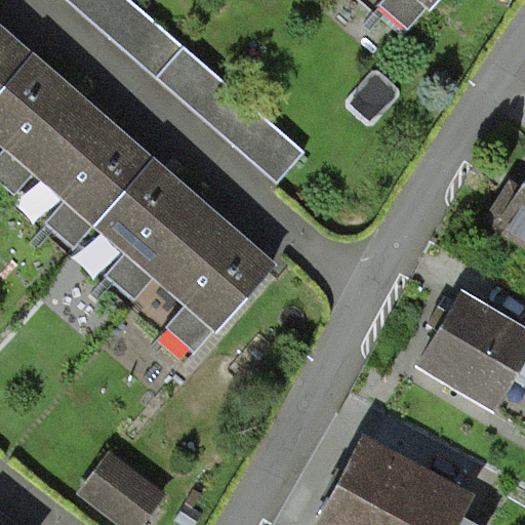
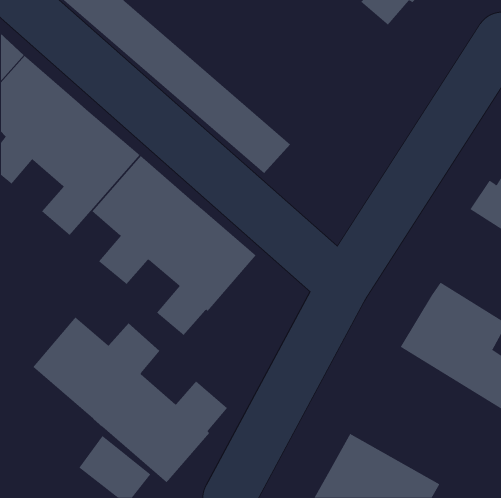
building: none -> [33,316,228,483]

